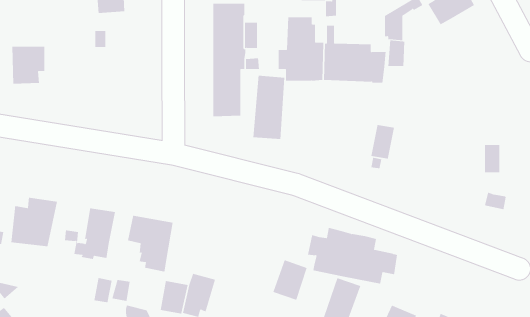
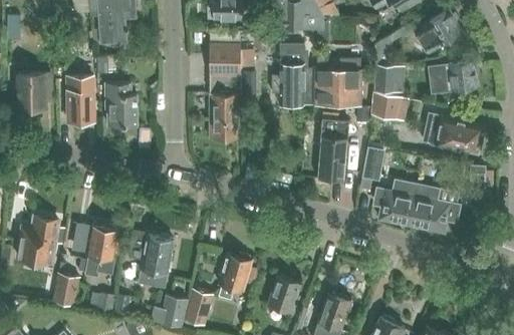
building: none -> [433,60,477,91]
building: none -> [64,74,93,122]
building: none -> [107,83,137,126]
building: none -> [371,91,399,121]
building: [253,75,285,140] -> [317,119,348,181]
building: none -> [422,112,484,153]
building: [307,227,398,284] -> [373,179,460,233]
building: none -> [218,252,258,300]
building: none -> [53,275,78,306]

